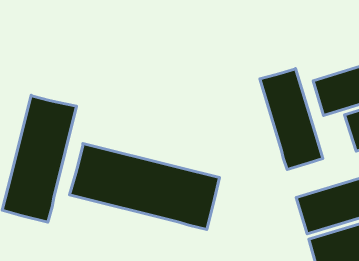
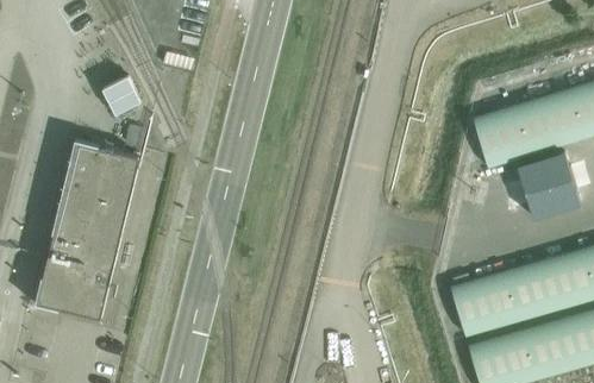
building: [260,68,323,170] -> none
building: [70,143,219,229] -> none

